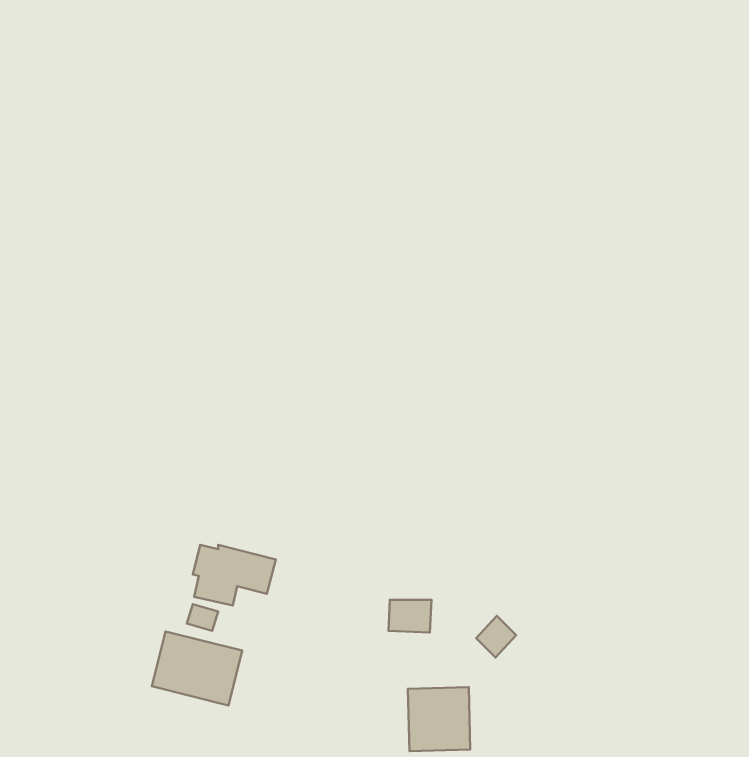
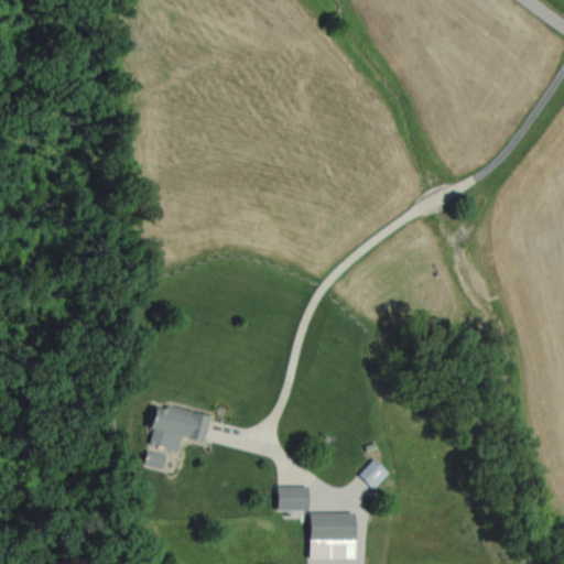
building: [388,600,431,632] -> [278,486,310,510]
building: [152,631,242,705] -> none

